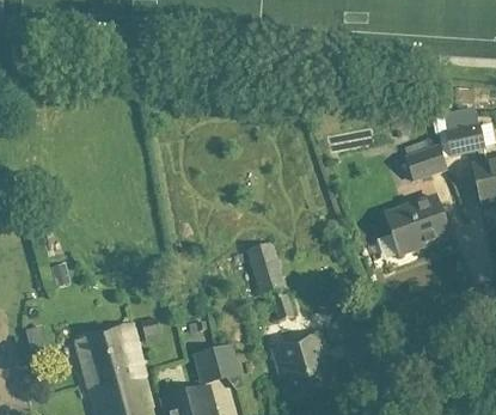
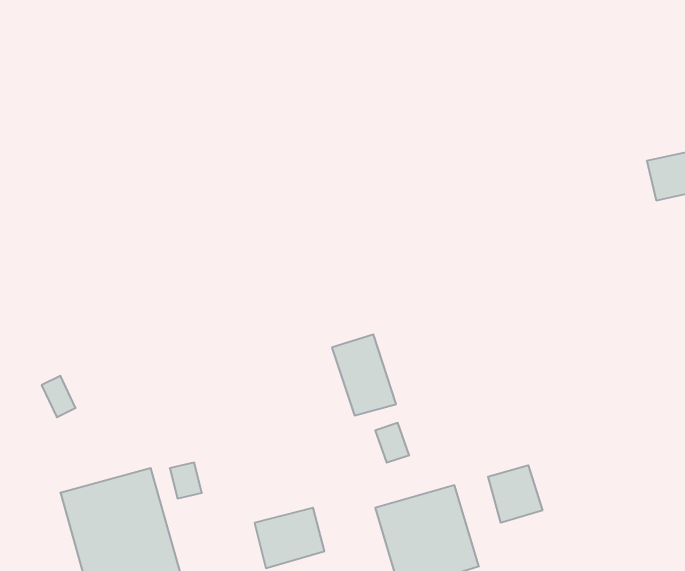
building: [404,142,445,179] -> none
building: [385,195,448,254] -> none
building: none -> [488,465,542,523]

